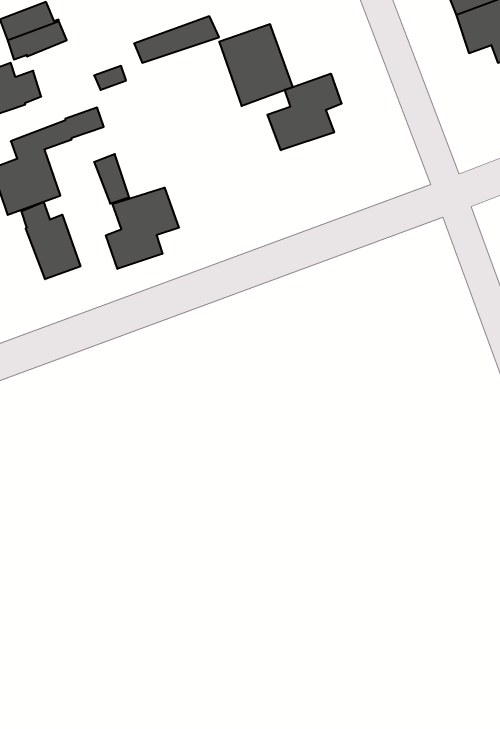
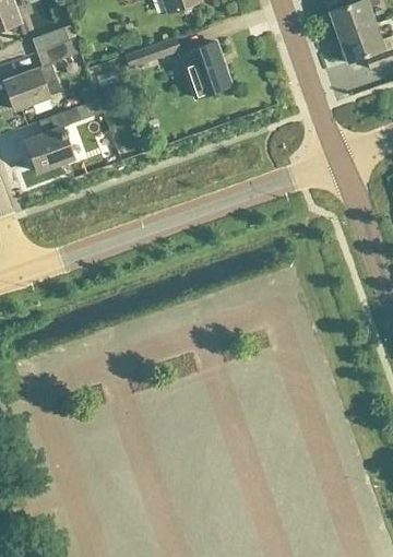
building: [267,74,342,150] -> none
building: [106,188,179,269] -> none
building: [21,202,80,279] -> none

